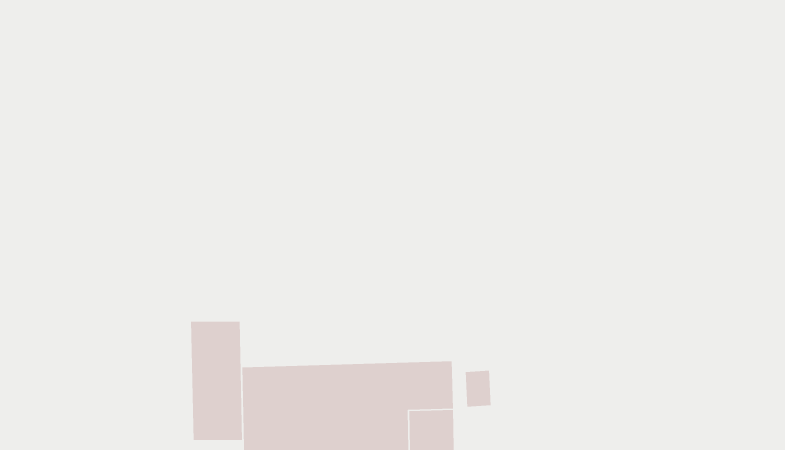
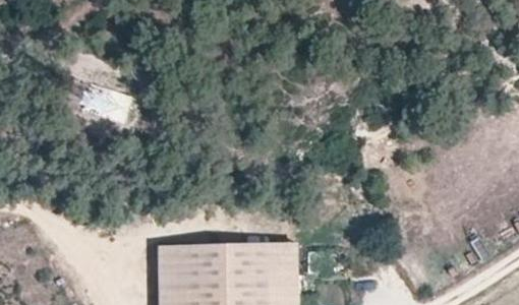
building: [190,321,243,441] -> none

